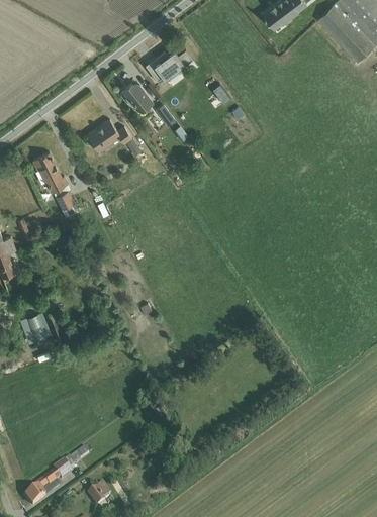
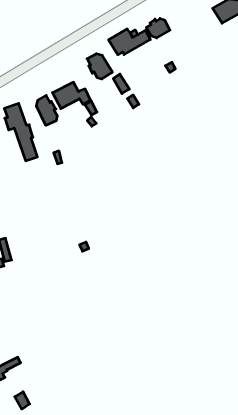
building: none -> [146,18,170,38]
building: none -> [36,95,57,125]

